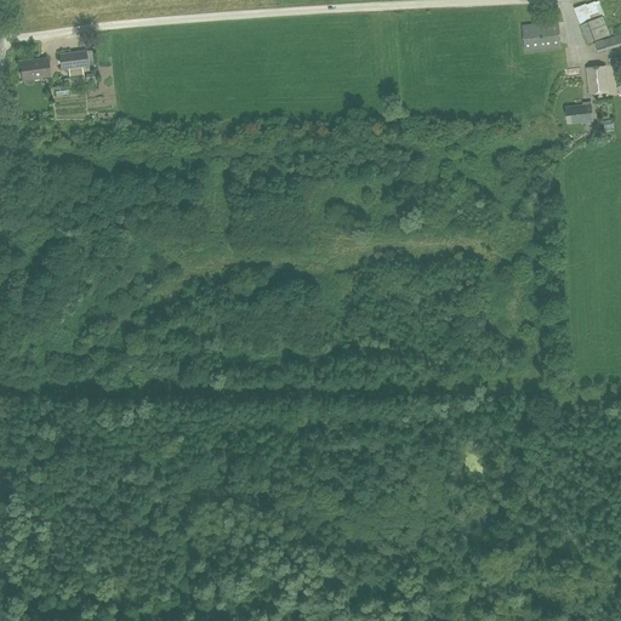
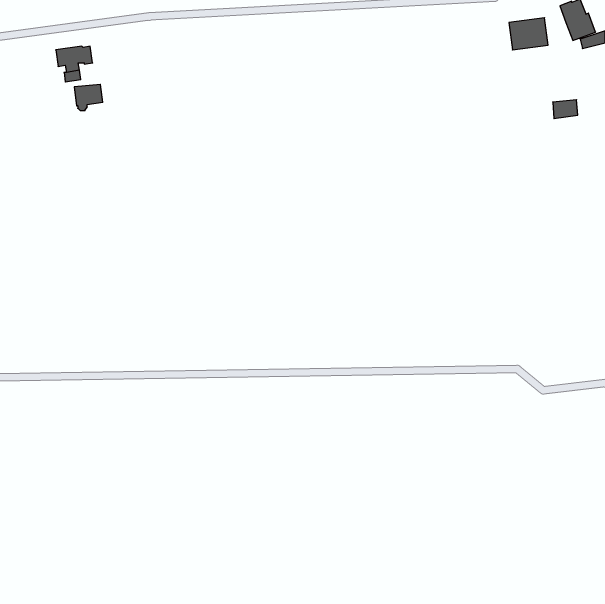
building: [19,56,49,82] -> [74,84,103,111]
building: [585,63,608,92] -> none

